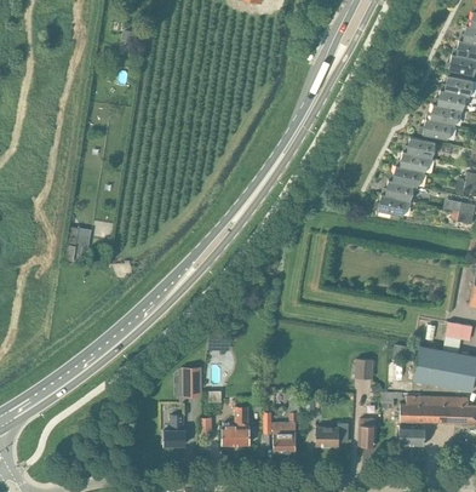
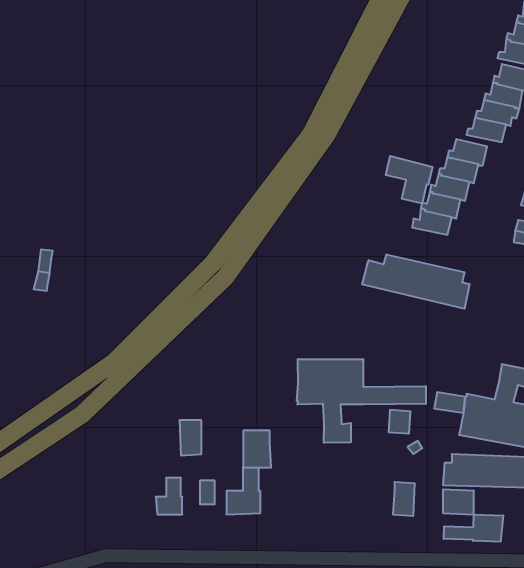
building: none -> [386,156,432,203]
building: none -> [362,254,470,309]
building: none -> [297,359,426,443]
building: [274,422,297,452] -> [243,431,271,467]
building: [316,423,348,445] -> none
building: none -> [444,514,503,542]

